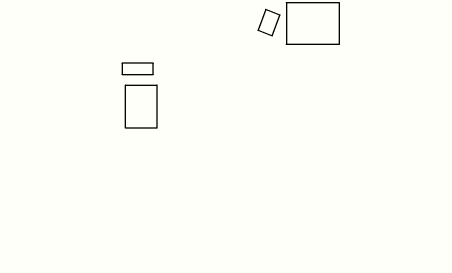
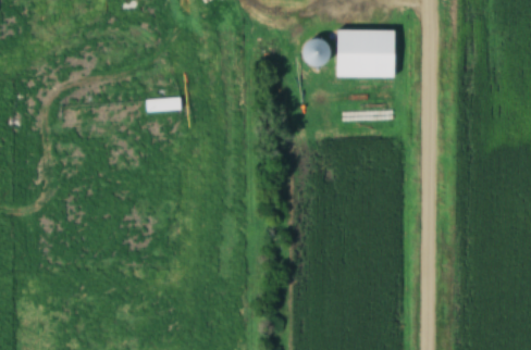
building: [126,85,157,128] -> none

